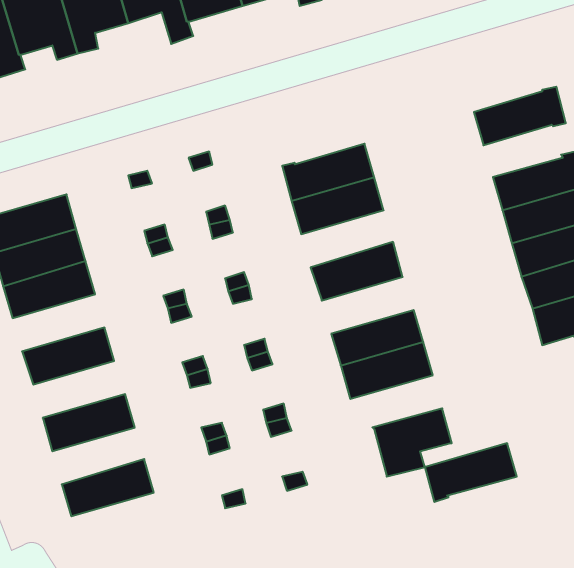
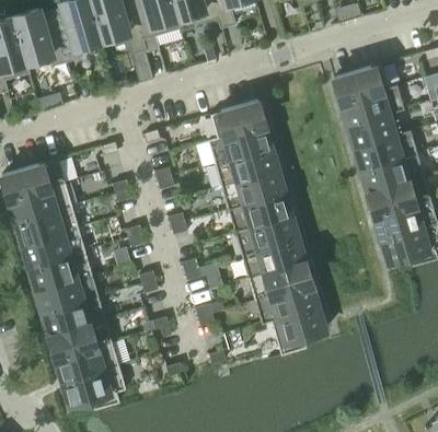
building: none -> [334,63,388,102]
building: none -> [210,100,265,138]
building: none -> [347,110,402,147]
building: none -> [221,170,285,209]
building: none -> [235,215,299,255]
building: none -> [22,227,85,267]
building: none -> [36,273,100,313]
building: none -> [49,319,113,359]
building: [425,443,517,502] -> [255,283,319,324]
building: none -> [62,364,126,408]

